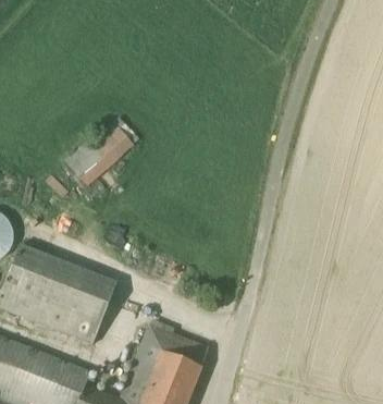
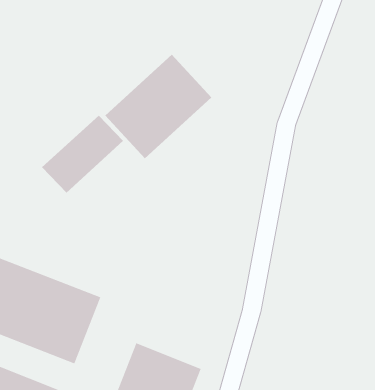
building: none -> [104,54,212,159]

